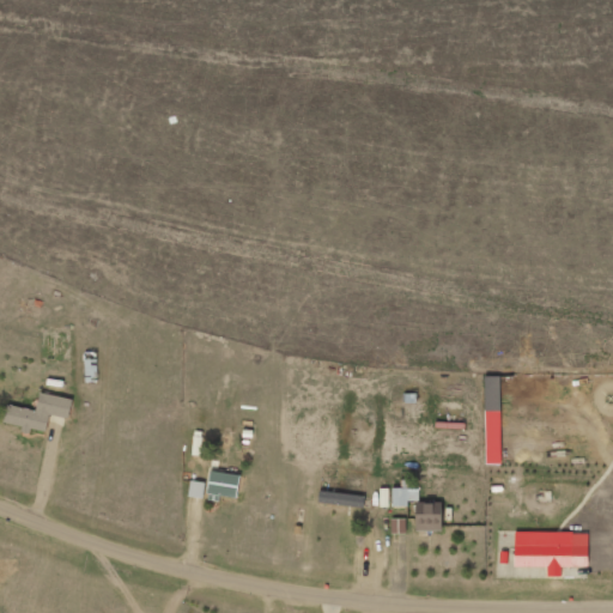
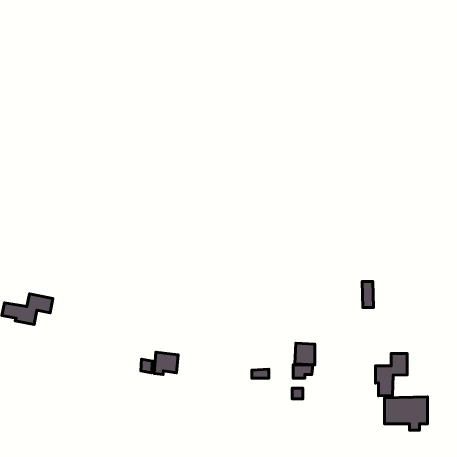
building: none -> [375,353,407,396]
building: [414,502,441,530] -> [295,343,315,365]

